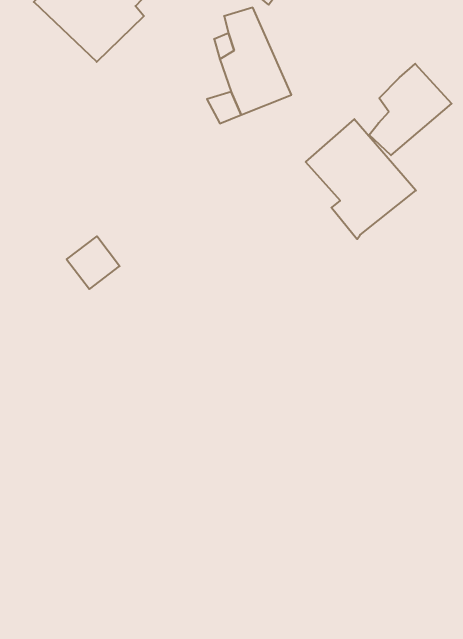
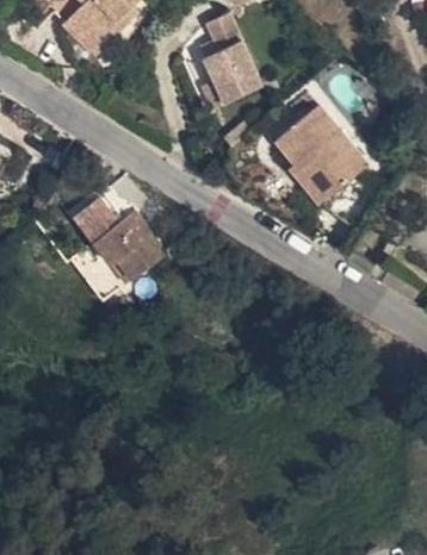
building: [369,64,452,155] -> none
building: none -> [94,216,166,280]

